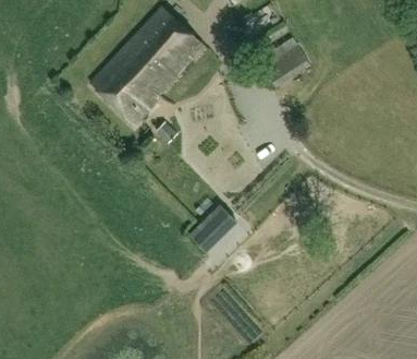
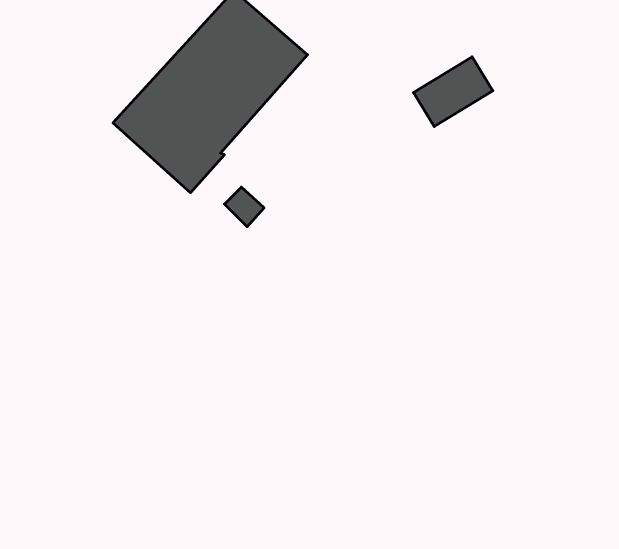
building: [188,205,234,250] -> none

